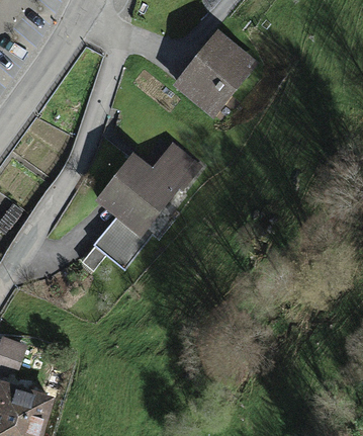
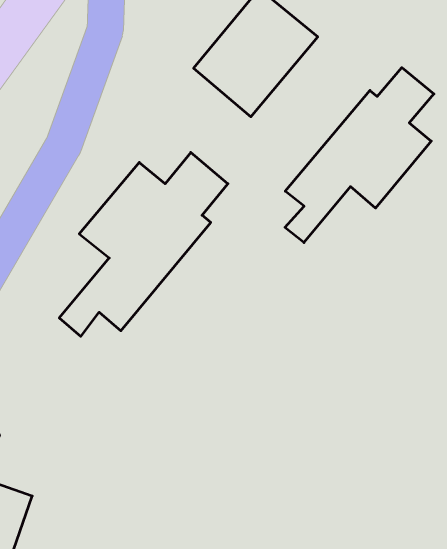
building: none -> [285,68,434,243]

